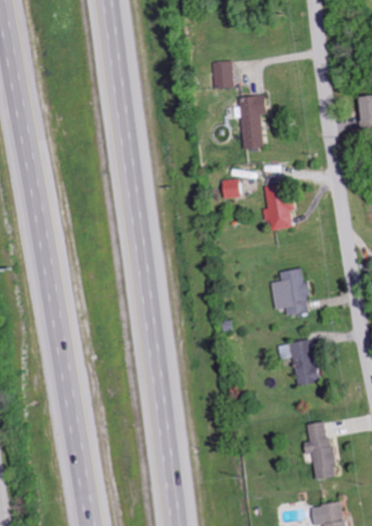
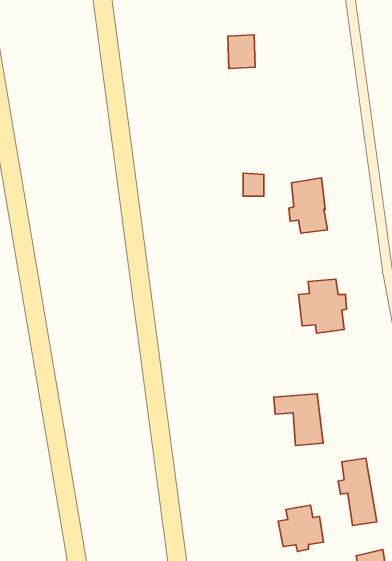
building: [238,96,266,148] -> none
building: [276,341,319,385] -> [274,394,323,445]
building: none -> [278,505,324,551]

